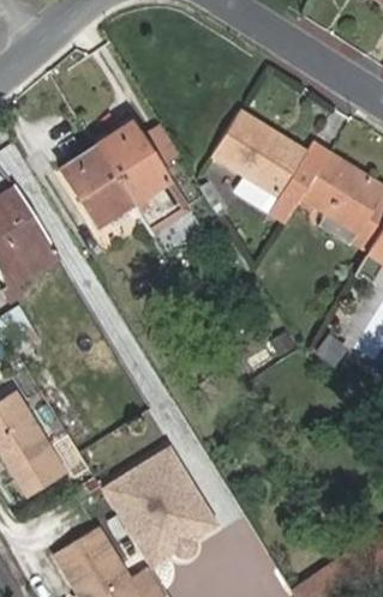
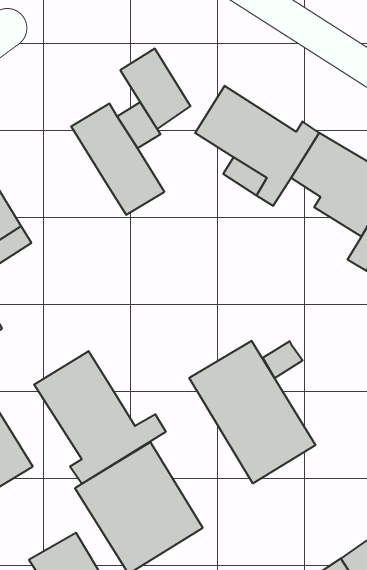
building: [64,147,130,223] -> [120,49,191,129]
building: none -> [189,341,315,483]
building: none -> [34,351,166,484]

